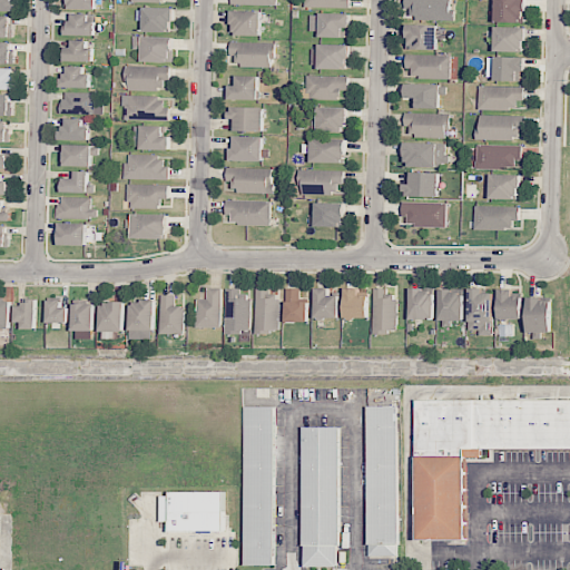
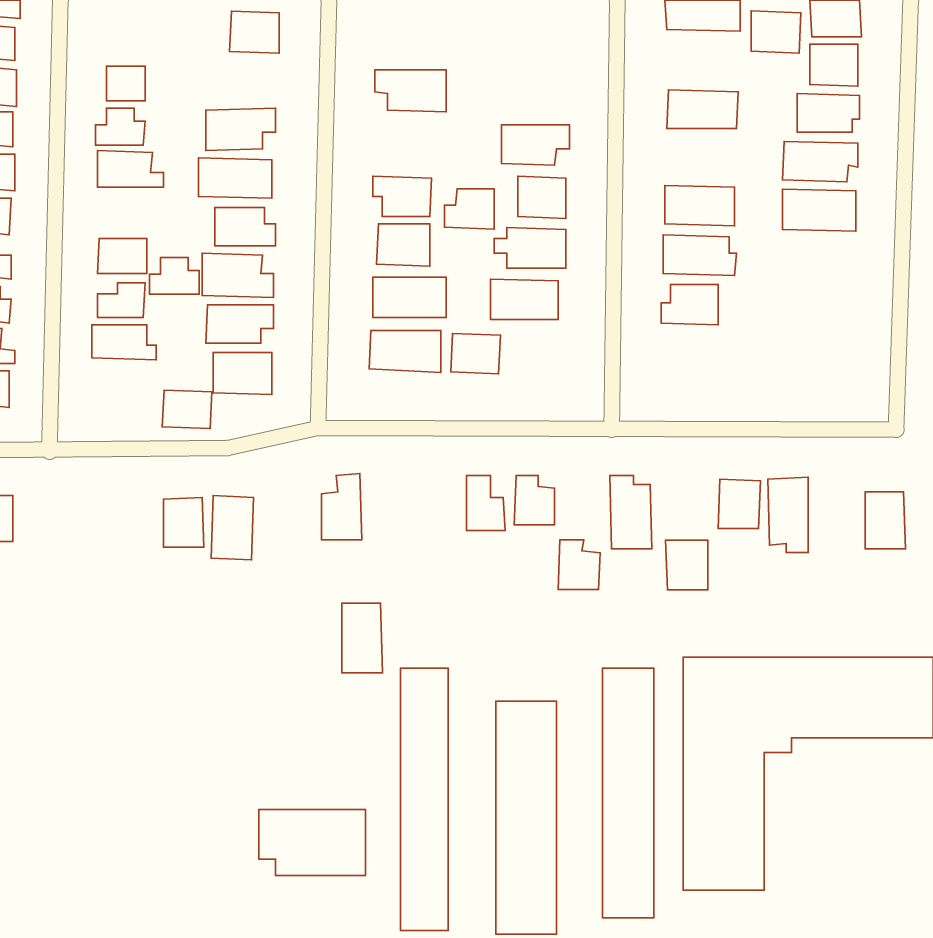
building: [228,10,258,36] -> none
building: [65,13,92,36] -> none
building: [306,13,346,38] -> none
building: [404,24,434,50] -> [751,11,801,53]
building: [130,36,170,62] -> none
building: [315,45,344,69] -> none
building: [226,76,256,100] -> [444,189,494,229]
building: [401,83,443,109] -> none
building: [57,118,87,140] -> [150,258,199,294]
building: [473,145,518,168] -> none
building: [487,174,517,199] -> none
building: [401,202,444,227] -> none
building: [312,203,342,227] -> [451,333,500,374]
building: [471,206,514,229] -> none
building: [55,223,85,246] -> [162,390,212,429]
building: [341,288,366,318] -> [558,540,600,590]
building: [494,288,519,320] -> none
building: [253,289,277,333] -> none
building: [406,289,432,320] -> [666,540,708,590]
building: [224,291,248,333] -> [342,603,382,673]
building: [158,295,184,334] -> none
building: [12,302,35,326] -> none
building: [45,303,67,323] -> none
building: [71,304,92,331] -> none

